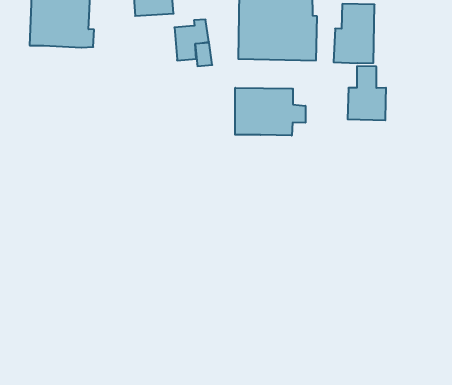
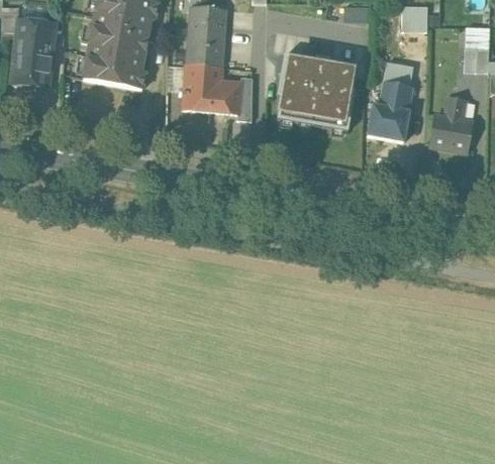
building: none -> [182,63,222,109]
building: [348,66,386,120] -> [429,95,470,149]
building: [235,88,305,136] -> none

